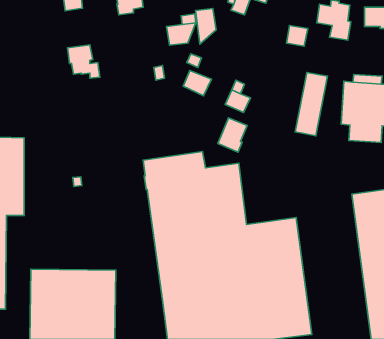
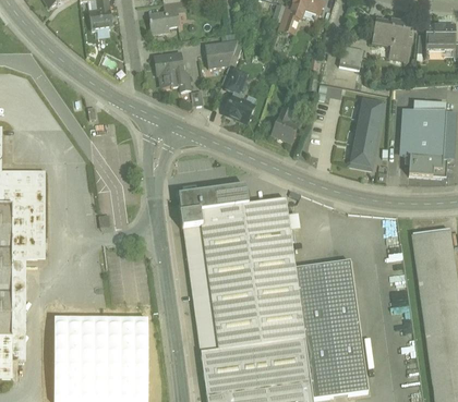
building: [195,9,216,44] -> none
building: [68,45,100,78] -> [155,53,191,90]
building: [218,118,247,152] -> none

